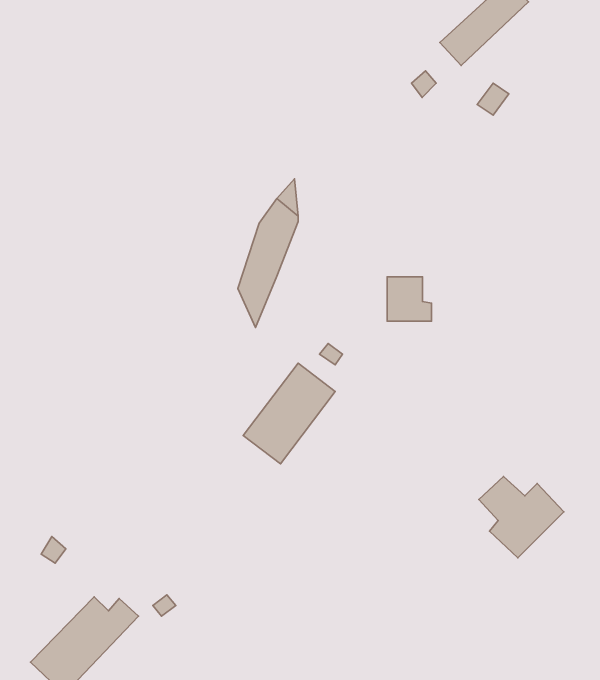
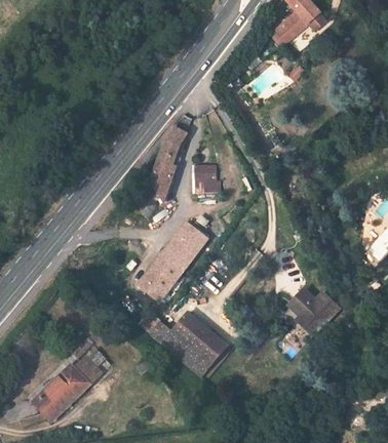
building: [387,277,431,321] -> [195,166,221,192]
building: none -> [139,263,177,300]
building: none -> [152,312,227,375]

